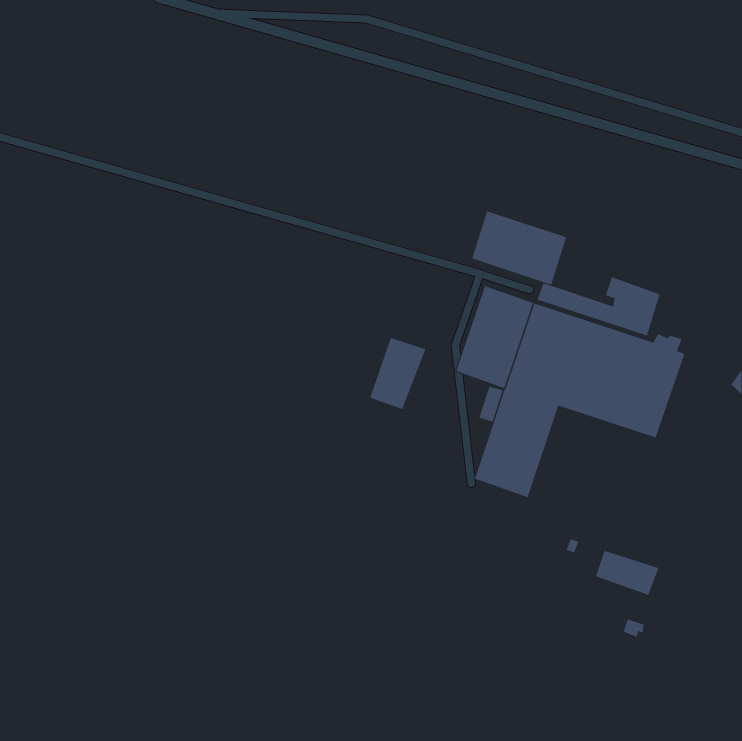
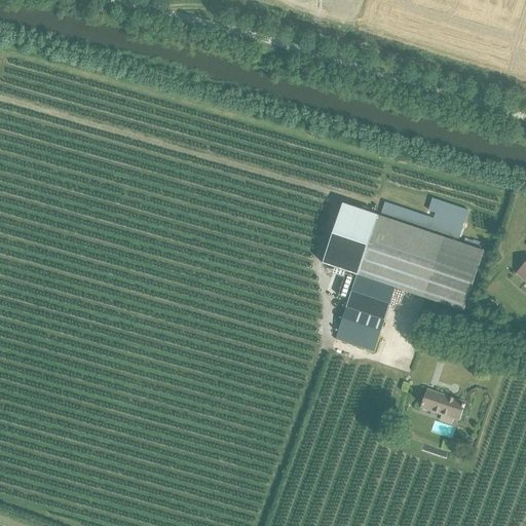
building: [471,211,567,285] -> none
building: [370,337,426,410] -> none

